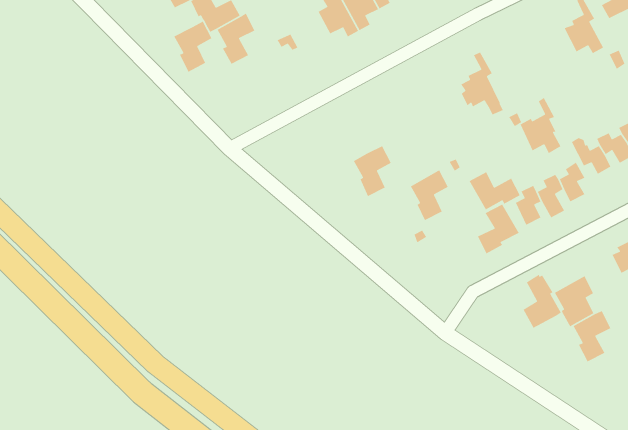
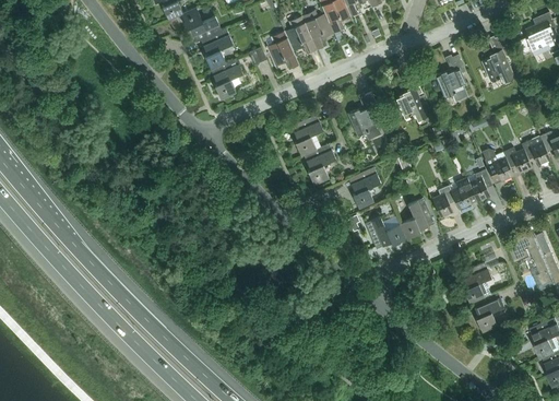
building: none -> [266,32,299,70]
building: [173,20,212,73] -> [211,59,242,101]
building: none -> [348,93,381,139]
building: [519,97,561,154] -> [436,55,468,102]
building: none -> [290,115,323,156]
building: [468,171,521,210] -> [365,217,406,249]
building: [523,274,562,329] -> none

